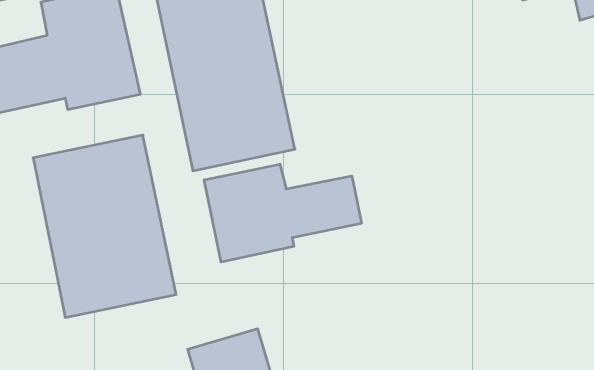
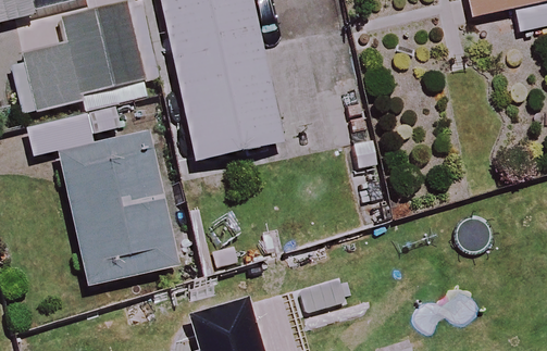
building: [204,164,361,262] -> none

